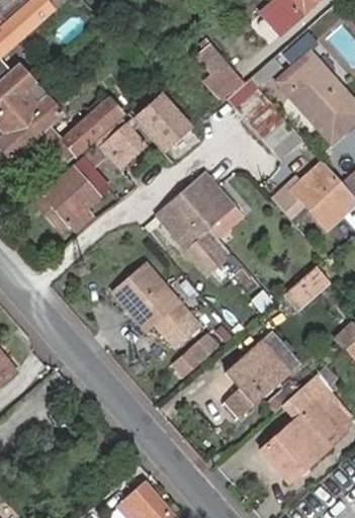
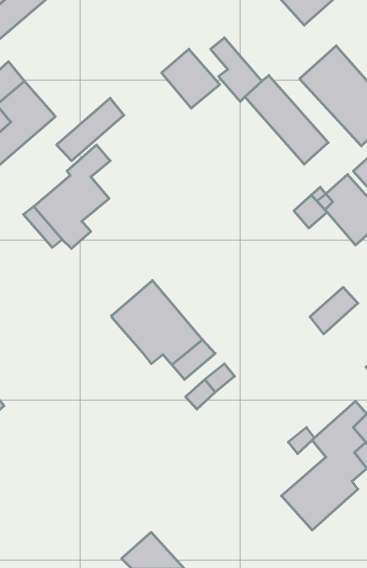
building: [138,95,189,148] -> [162,49,220,108]
building: [97,116,145,166] -> none
building: [160,174,250,268] -> none
building: [227,334,297,415] -> none

